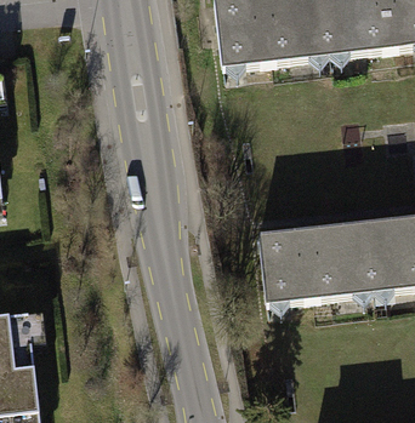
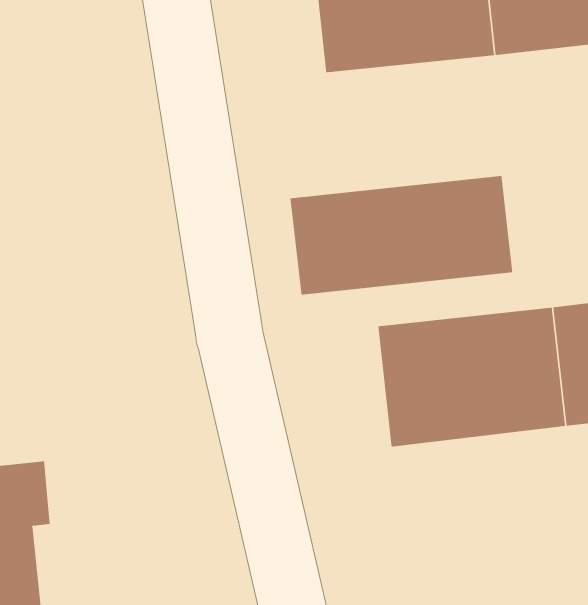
building: none -> [290,175,513,296]

